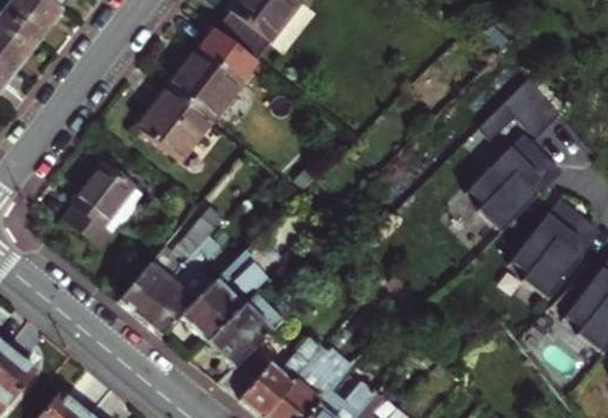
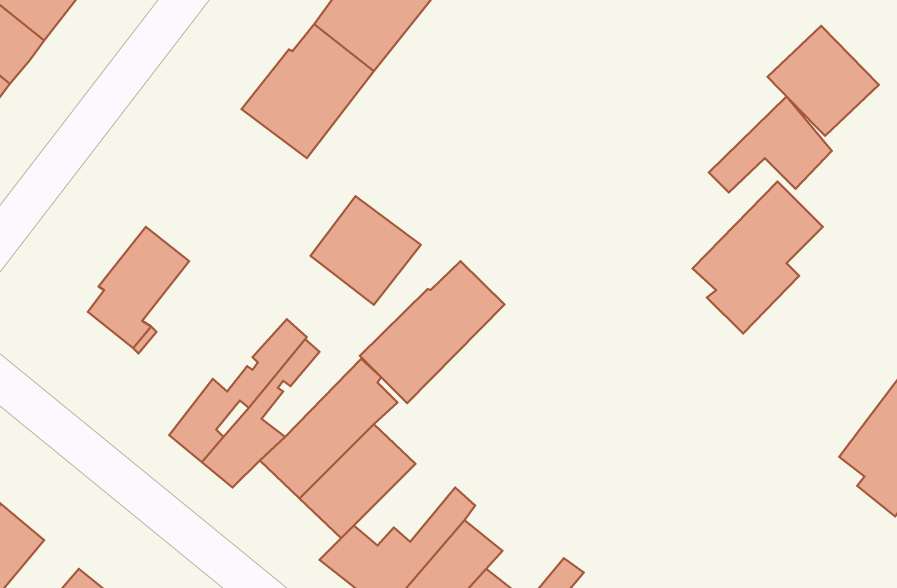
building: none -> [767,26,879,136]
building: [139,85,212,157] -> [310,196,421,305]
building: none -> [360,261,505,403]
building: [510,199,594,301] -> none

